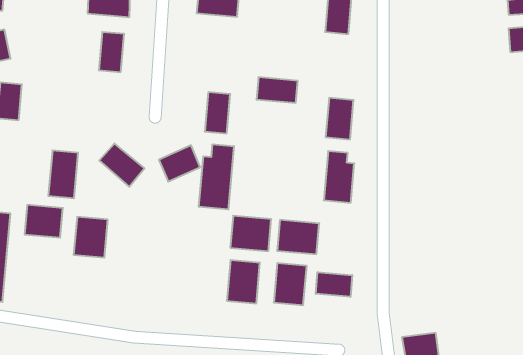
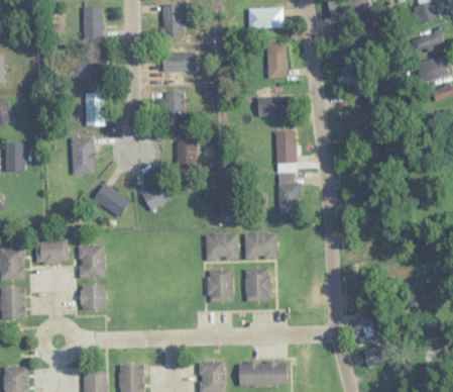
building: none -> [161,91,184,122]
building: [256,77,298,103] -> [257,97,290,115]
building: [199,144,234,210] -> none
building: [48,150,78,198] -> [72,136,93,174]
building: none -> [80,285,104,309]
building: [316,272,352,297] -> none

